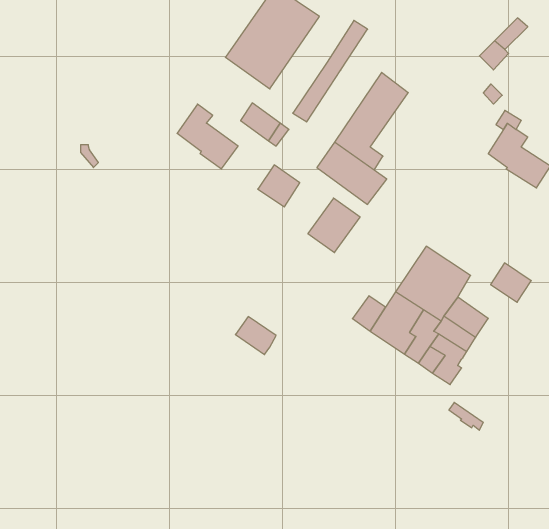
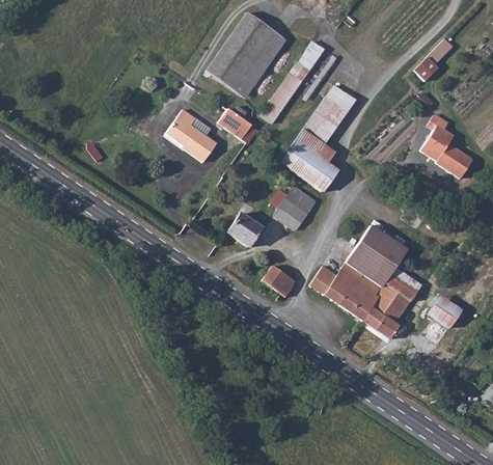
building: [258,165,300,207] -> [227,213,262,247]
building: [491,263,531,302] -> [429,296,462,328]
building: [235,317,276,355] -> [263,266,296,297]

